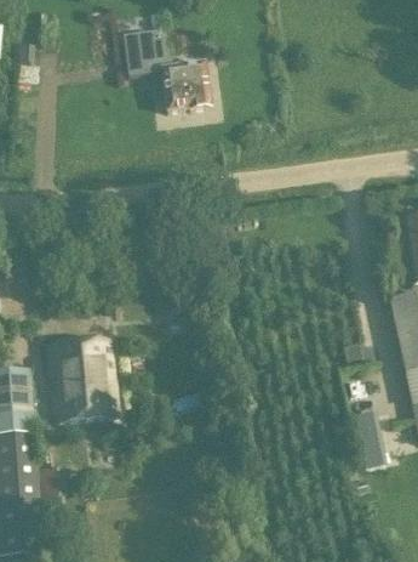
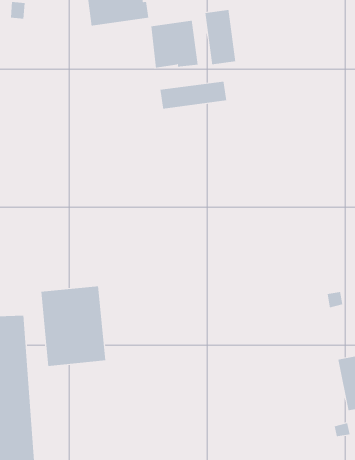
building: none -> [205,9,236,65]
building: none -> [160,81,227,109]

